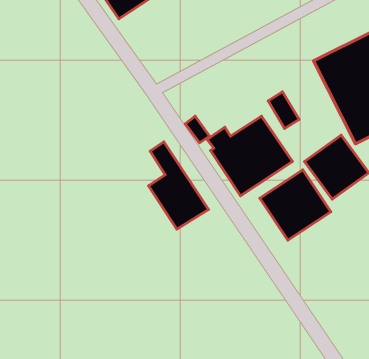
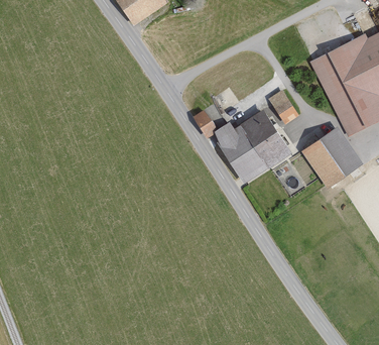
building: [149,142,208,229] -> none
building: [260,170,331,240] -> none

